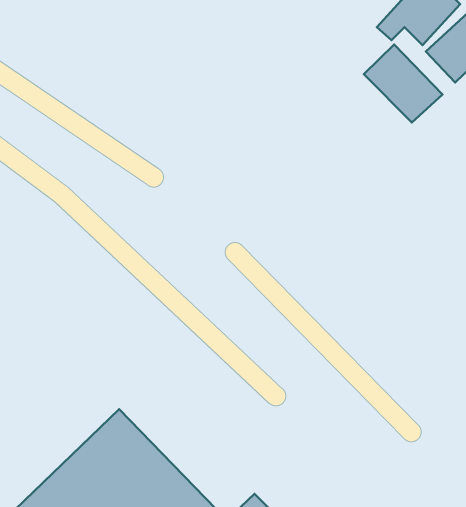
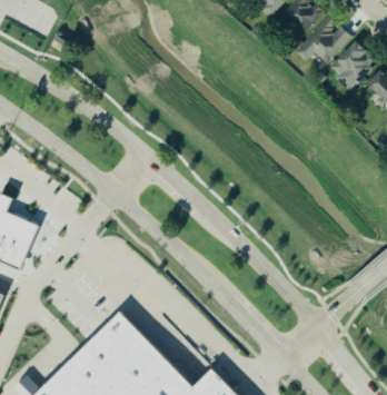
building: [364,44,442,123] -> none

